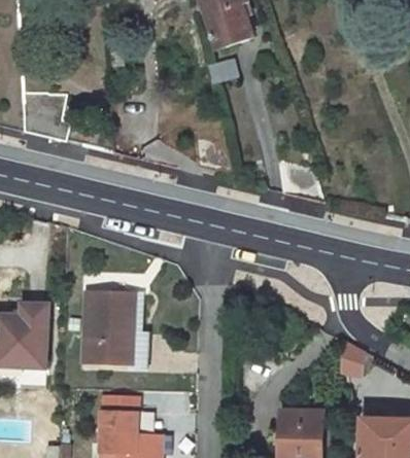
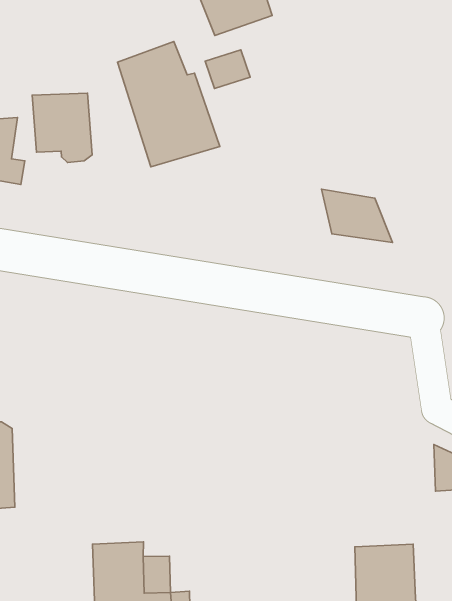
building: none -> [118,41,220,167]
building: none -> [32,93,92,162]
building: [81,295,132,367] -> none

